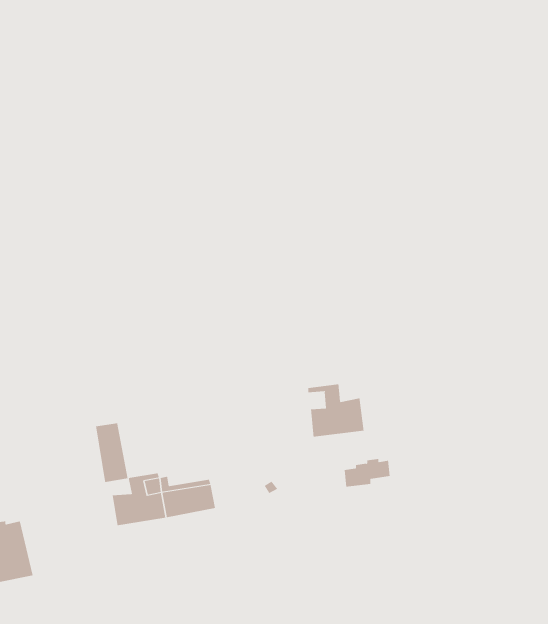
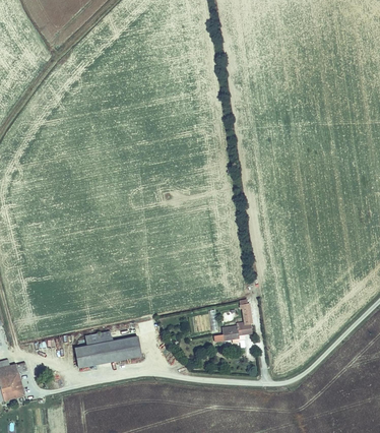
building: [308,384,364,437] -> none
building: [96,423,128,483] -> none

